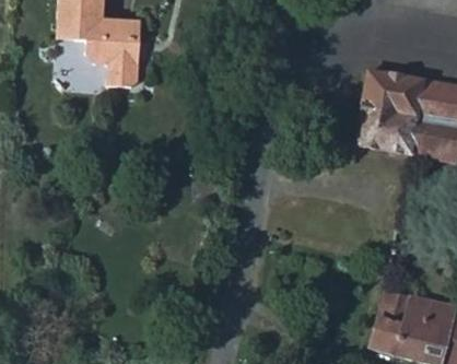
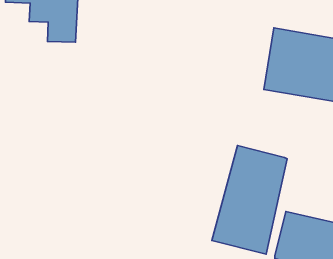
building: none -> [212,145,287,254]

